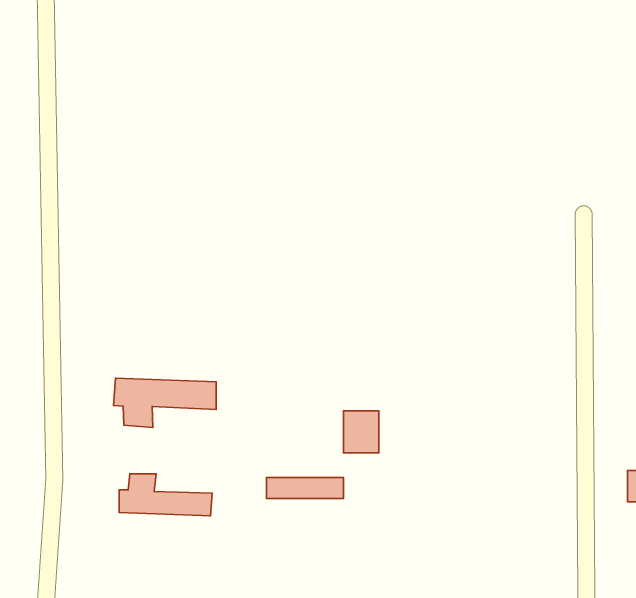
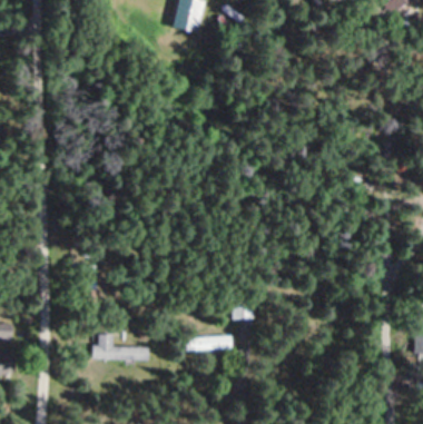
building: [114,378,216,428] -> none

